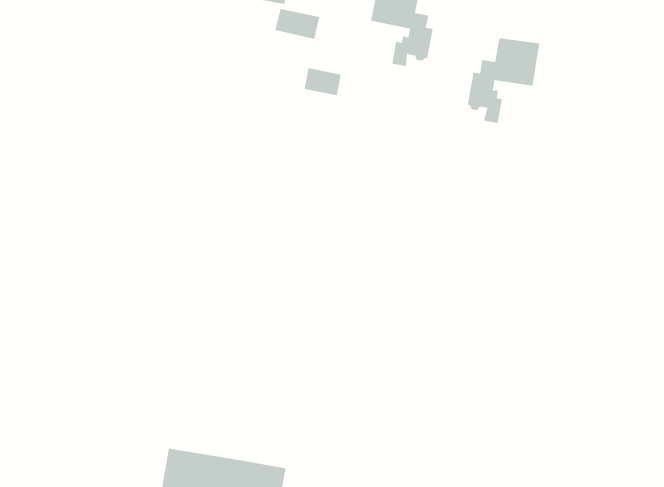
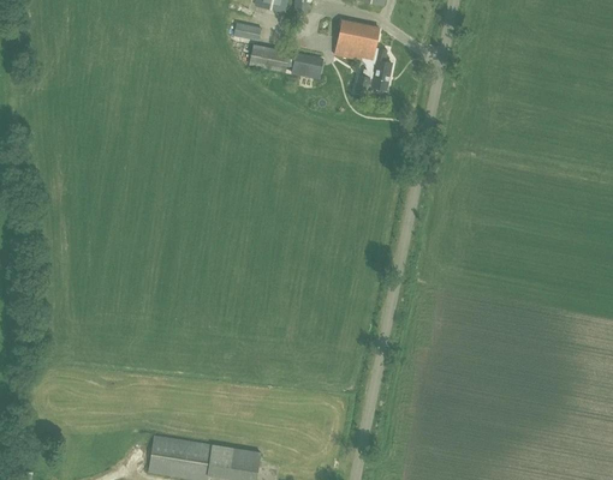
building: [467,37,540,124] -> none
building: [304,68,341,96] -> [290,53,323,78]

